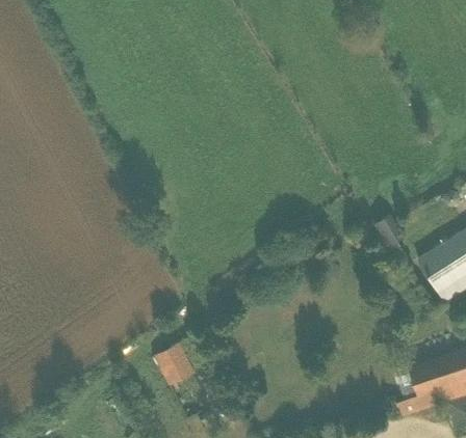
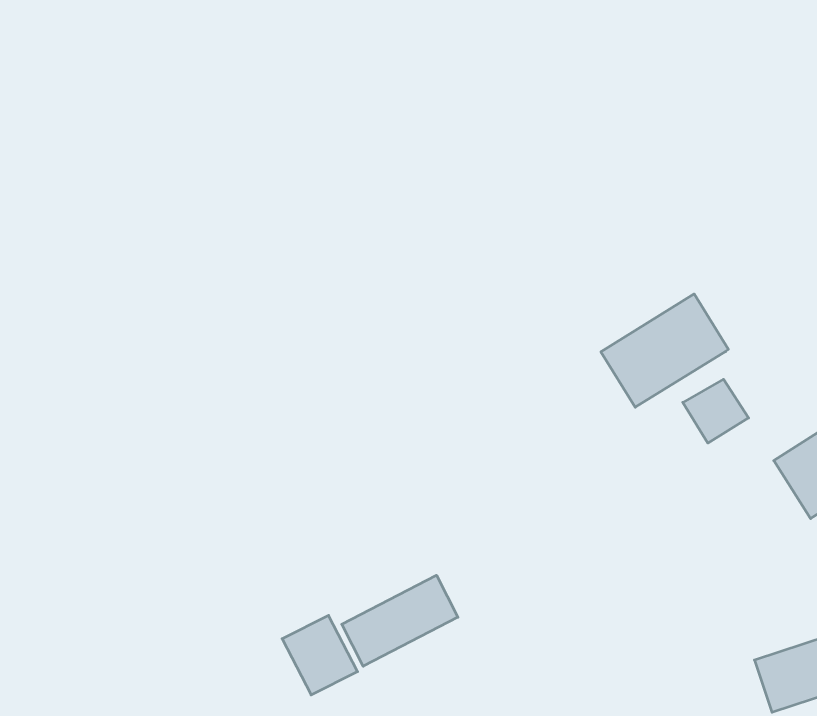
building: none -> [601,294,728,407]
building: none -> [342,575,458,666]

